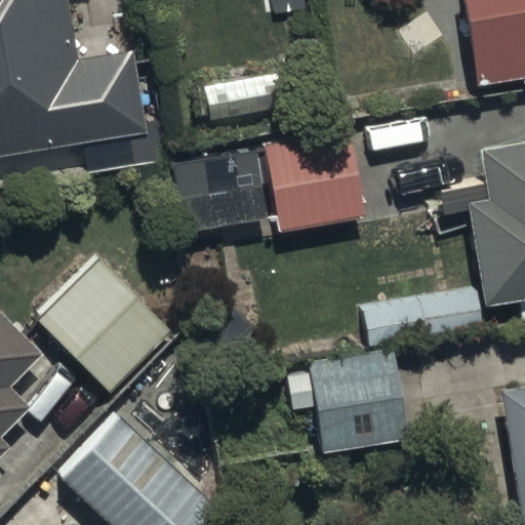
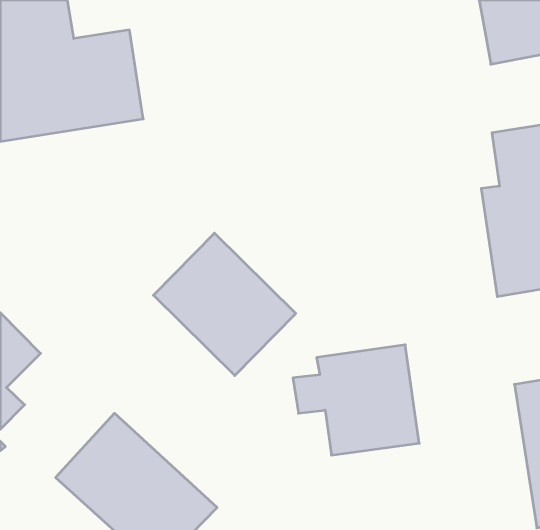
building: [173,127,363,227] -> none
building: [36,256,172,393] -> [153,233,296,376]

